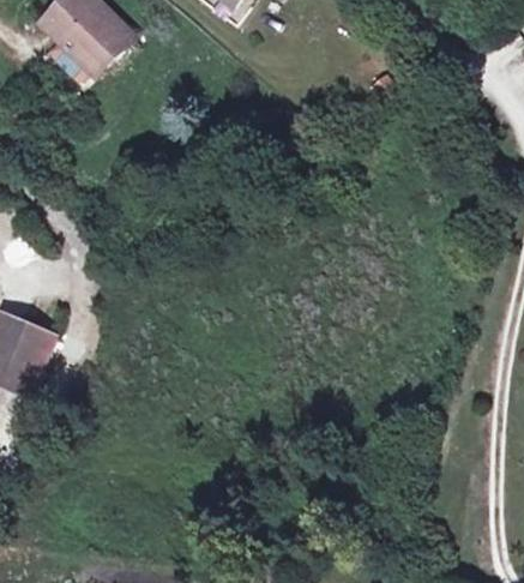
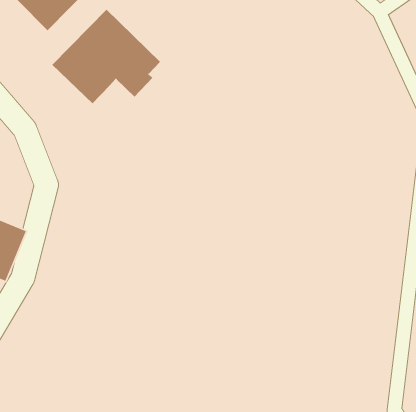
building: none -> [52,9,161,104]

